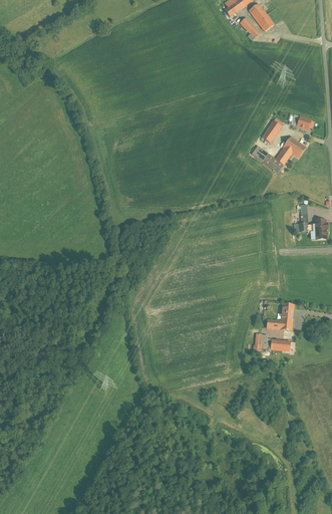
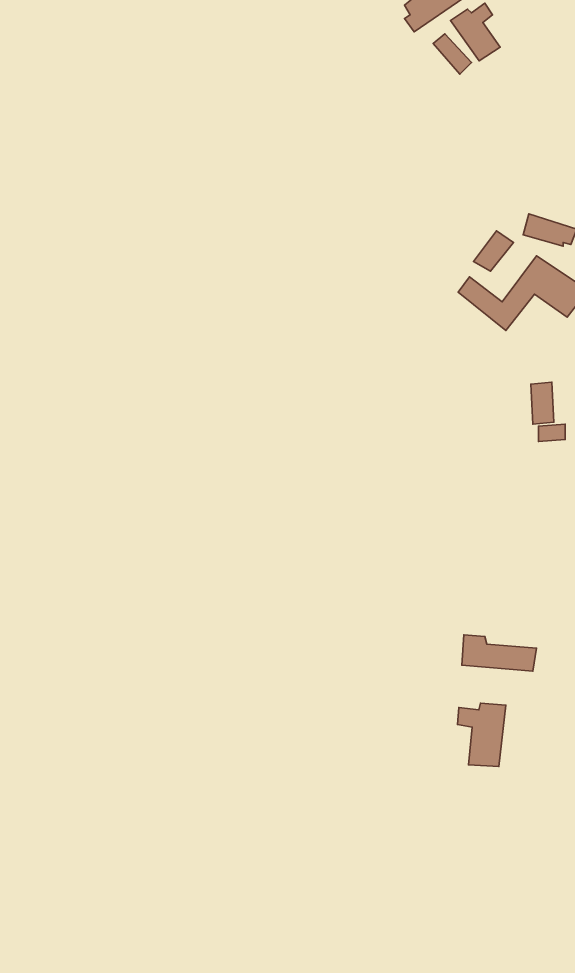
building: [266,302,295,329] -> none
building: none -> [457,703,506,767]

